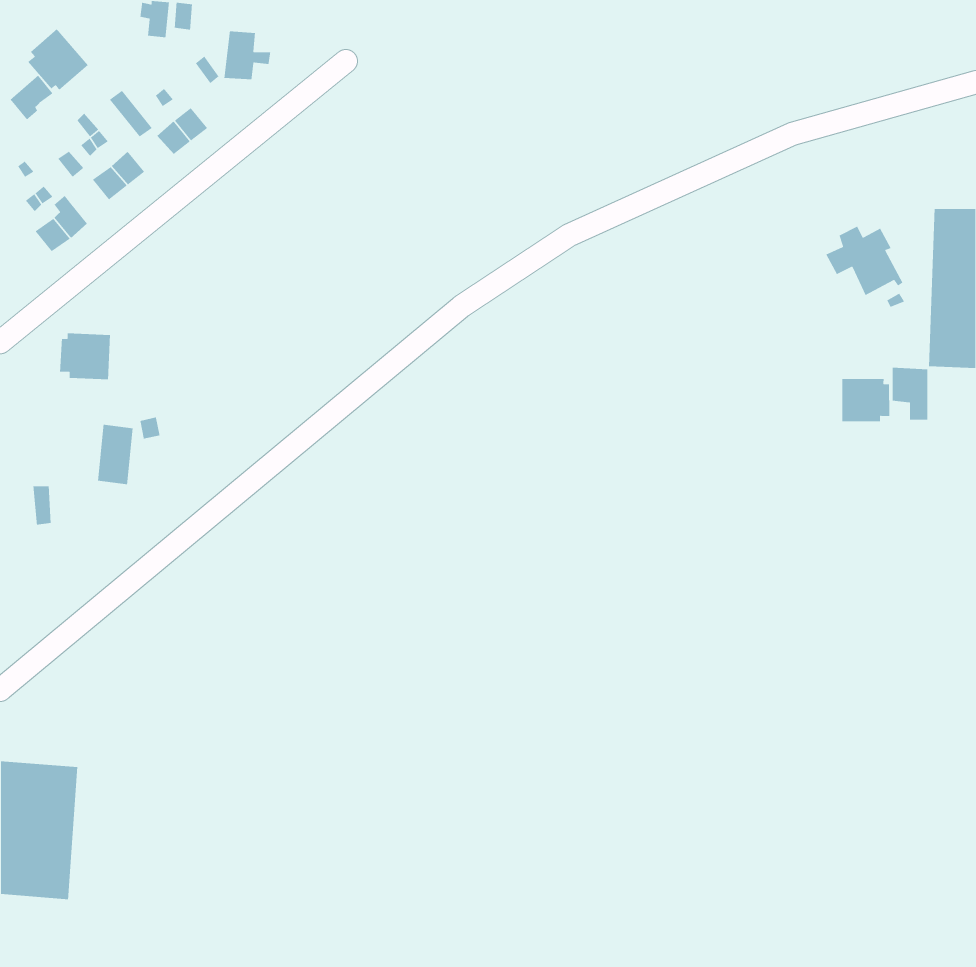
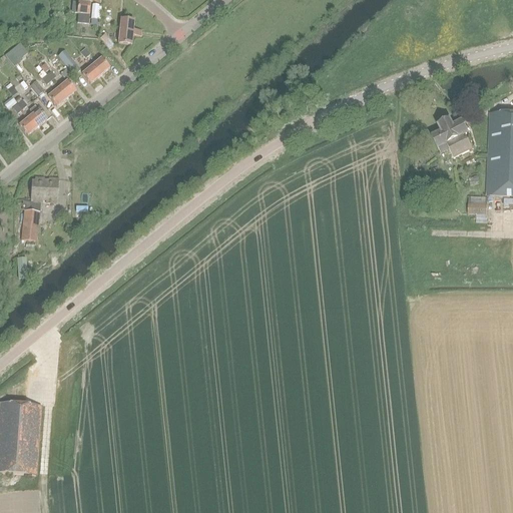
building: [27,28,89,91] -> none
building: [841,378,890,422] -> none
building: [97,424,133,485] -> [21,207,40,239]

